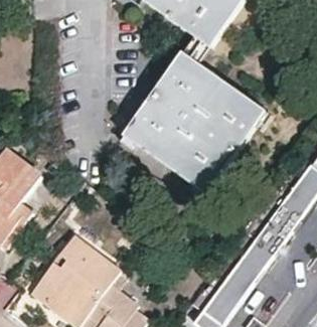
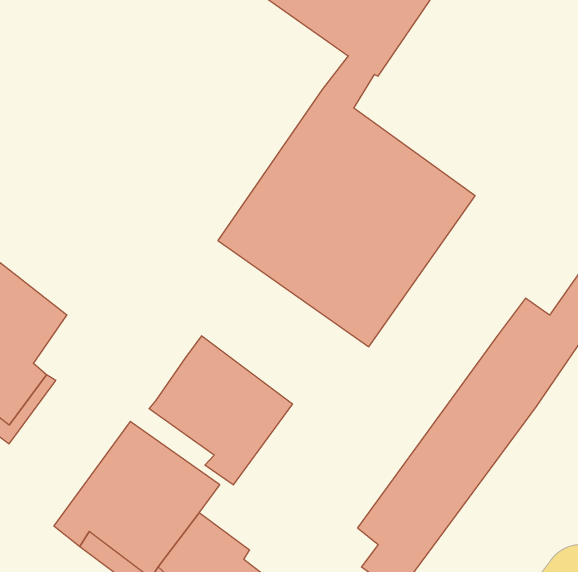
building: none -> [149,336,292,485]

